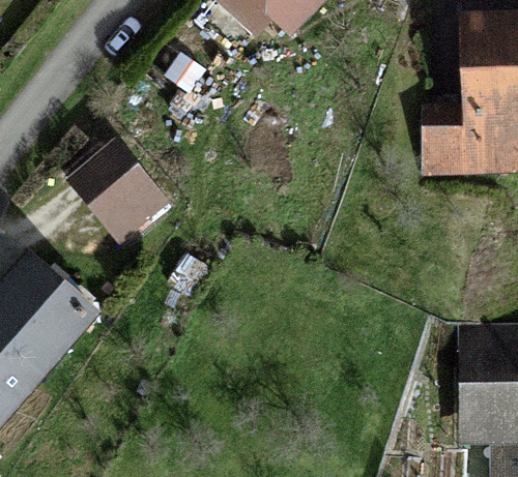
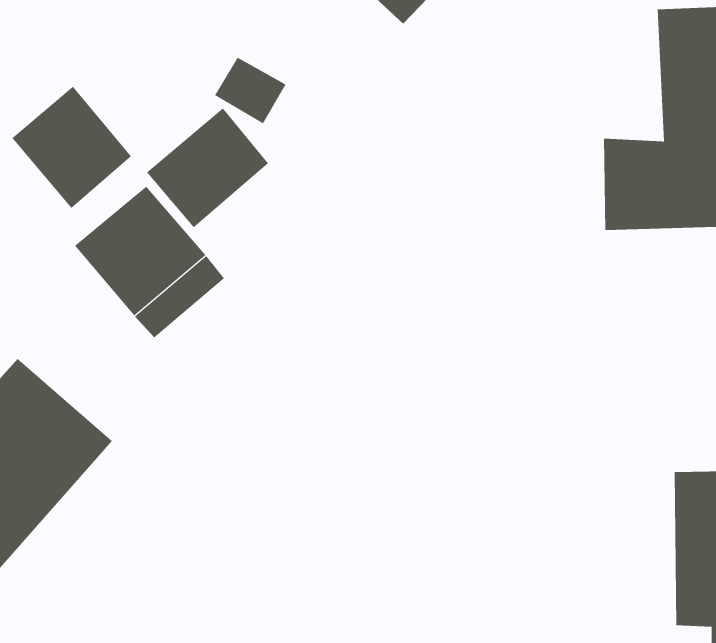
building: none -> [11,86,132,209]
building: none -> [146,108,269,228]

